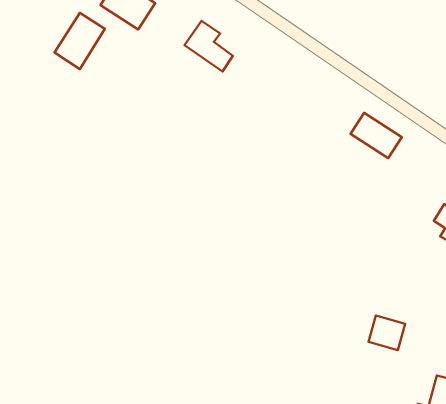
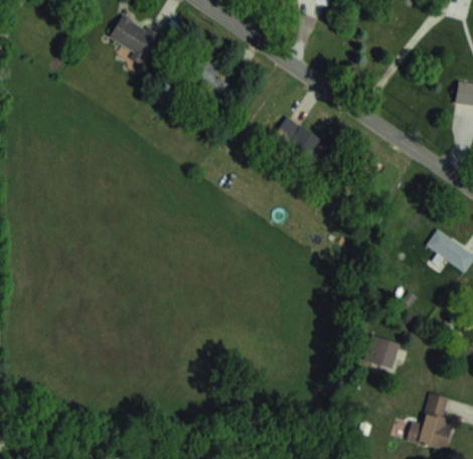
building: [54,13,105,69] -> none
building: [350,113,402,158] -> [274,116,323,159]

